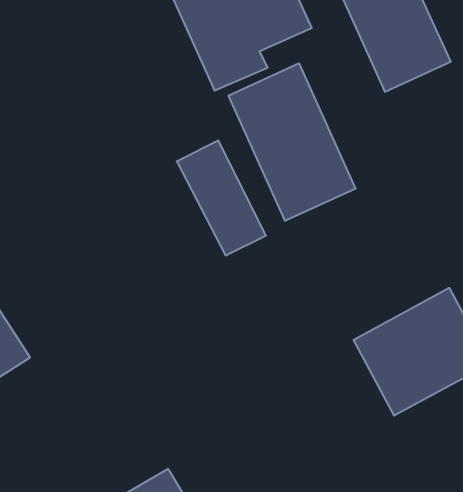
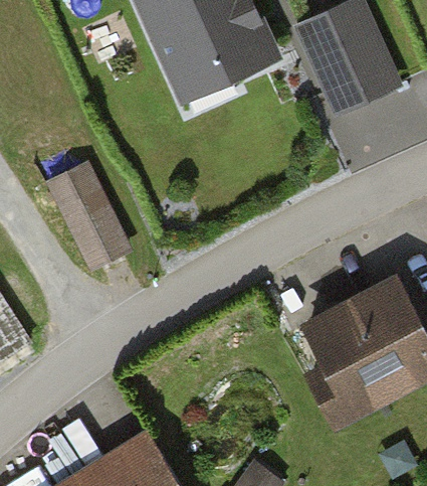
building: [229,63,356,221] -> none
building: [177,140,266,255] -> [49,165,127,265]

